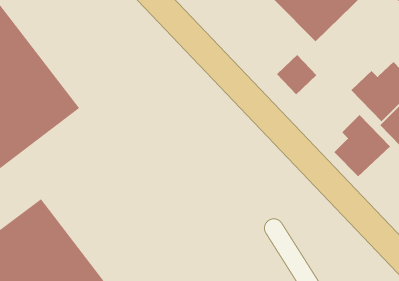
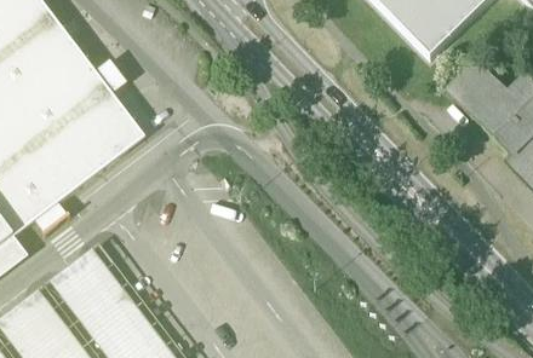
building: [276,54,317,95] -> [448,64,498,114]
building: [334,114,391,177] -> none

